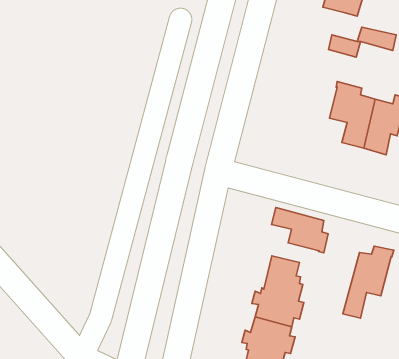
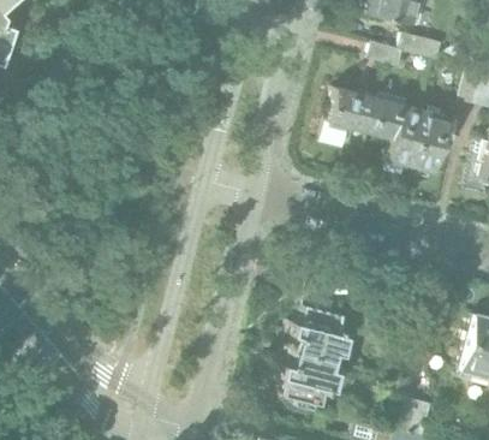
building: none -> [328,87,381,132]
building: [272,207,328,253] -> none
building: [343,246,394,318] -> none

